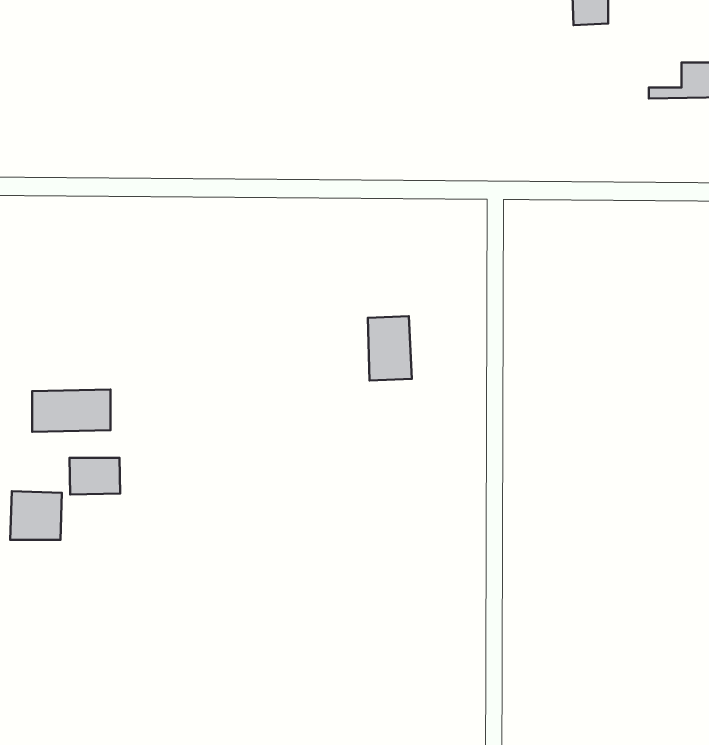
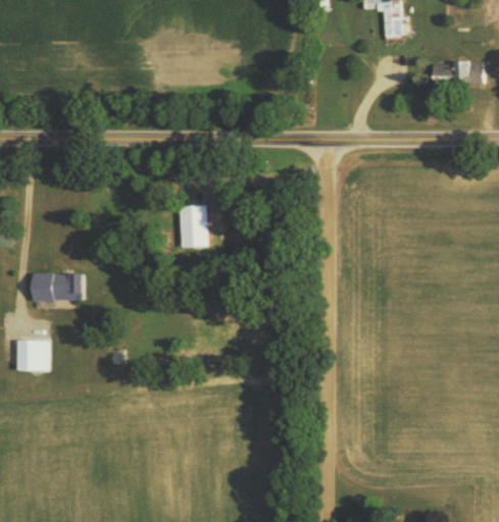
building: [368,316,412,380] -> [180,205,208,247]
building: [69,458,120,495] -> none

